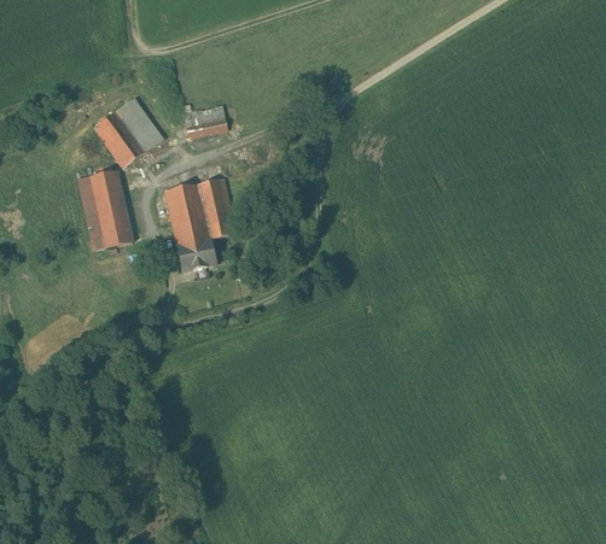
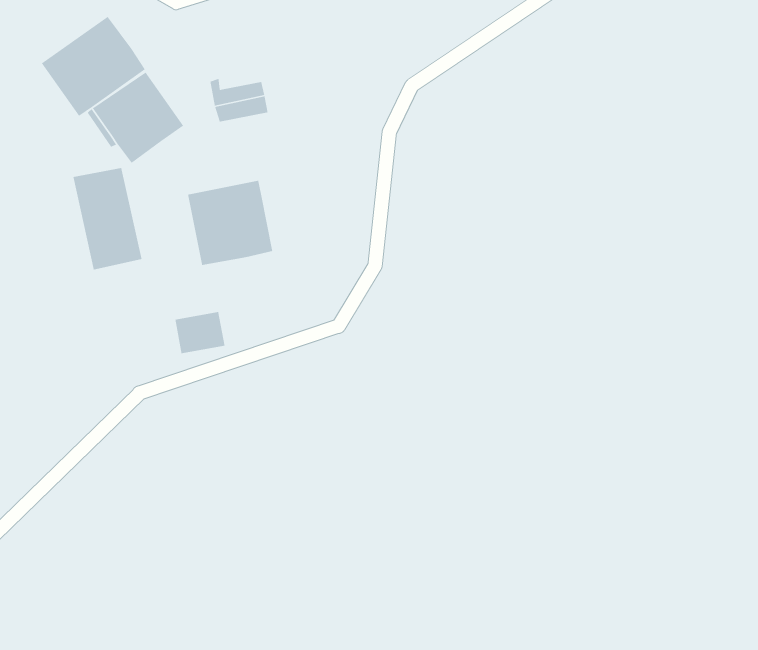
building: none -> [41,16,146,117]
building: [176,239,215,271] -> [174,311,225,354]

